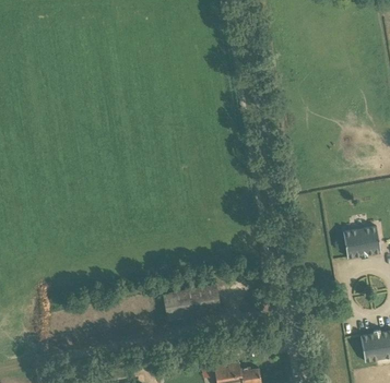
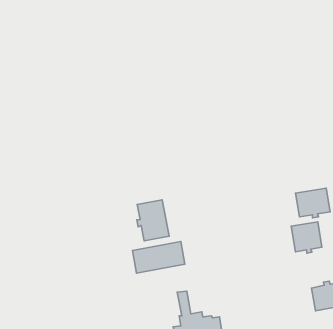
building: none -> [137,200,169,241]
building: none -> [291,222,322,253]

